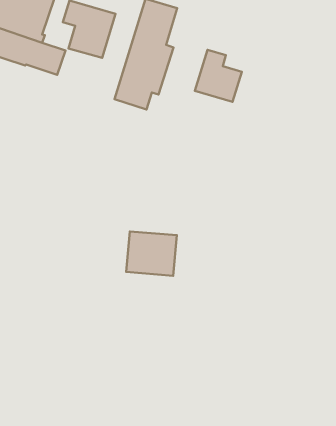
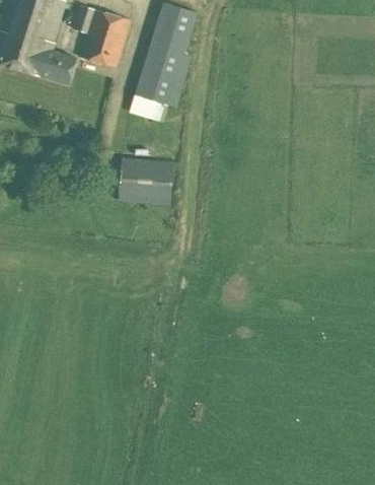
building: [195,50,242,102] -> none
building: [126,232,177,276] -> [119,157,173,205]

